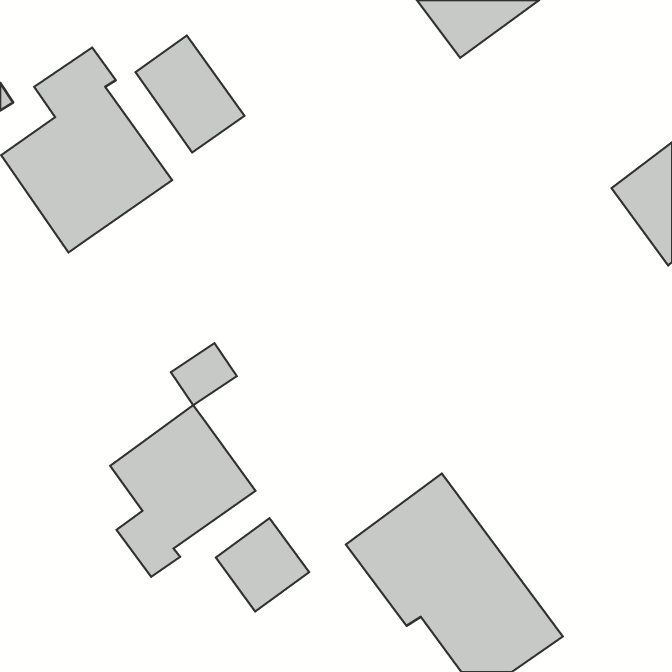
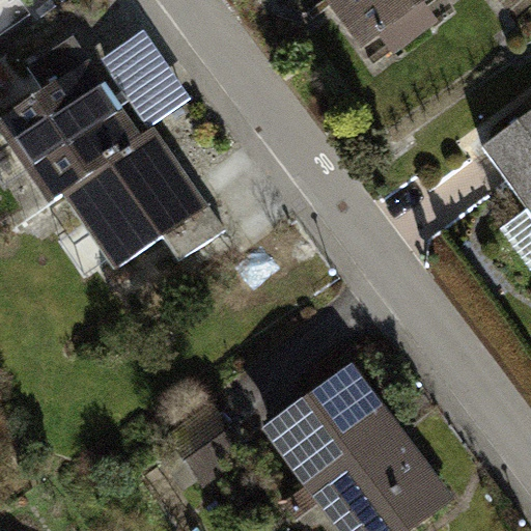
building: none -> [67,134,224,267]
building: [110,405,256,577] -> none

